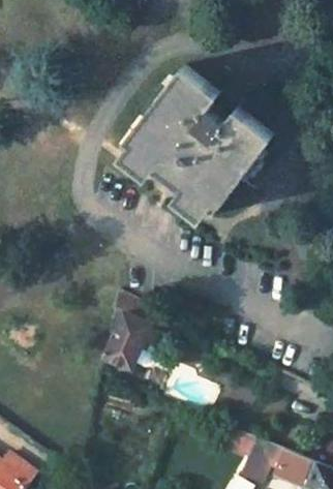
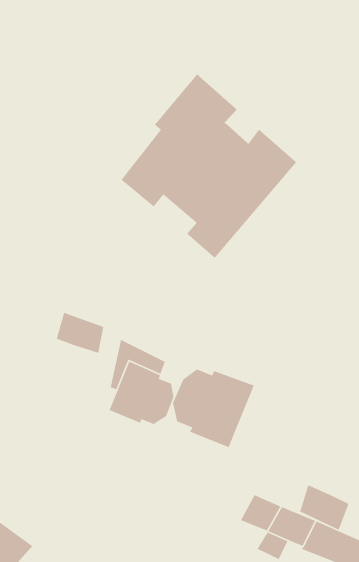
building: none -> [56,312,104,354]
building: none -> [172,368,255,448]
building: none -> [299,484,350,531]

